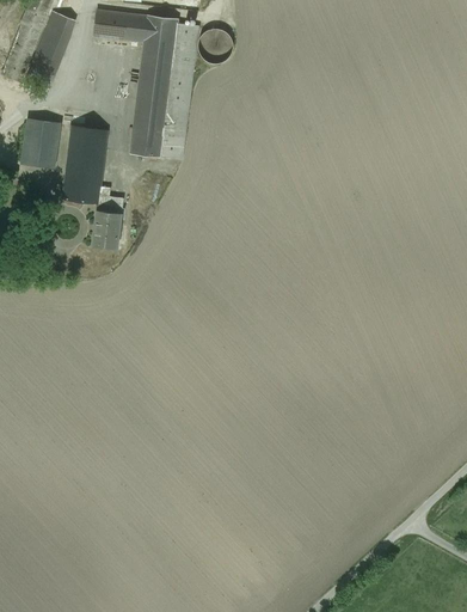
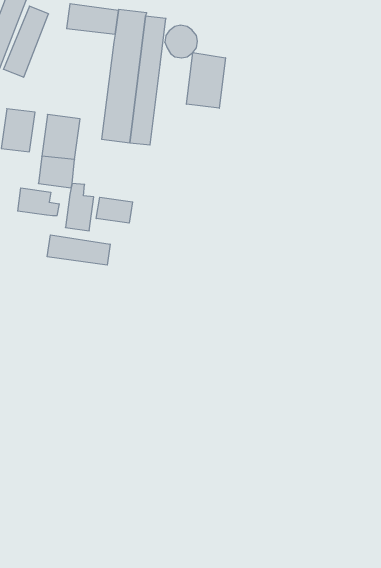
building: none -> [186,52,225,108]
building: none -> [18,188,59,216]
building: none -> [96,197,133,223]
building: none -> [47,235,110,265]

